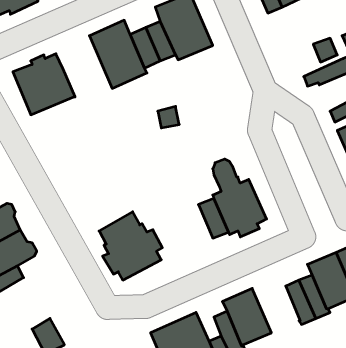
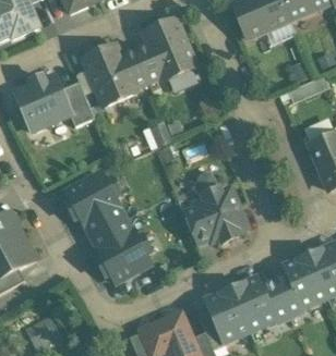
building: none -> [61,82,95,126]
building: none -> [67,173,124,236]
building: none -> [233,277,277,329]

